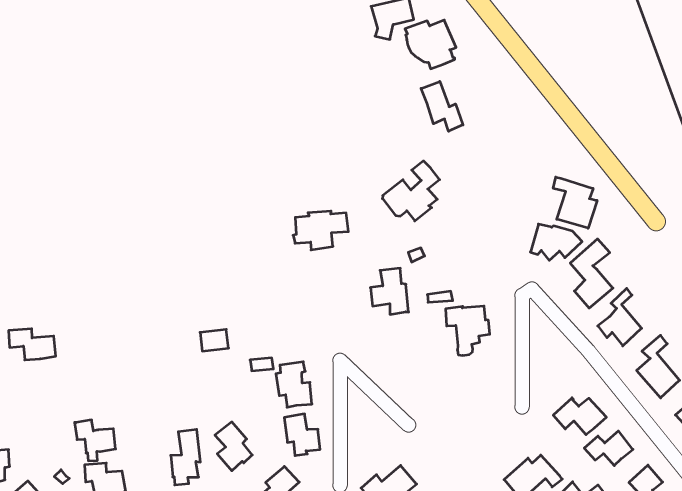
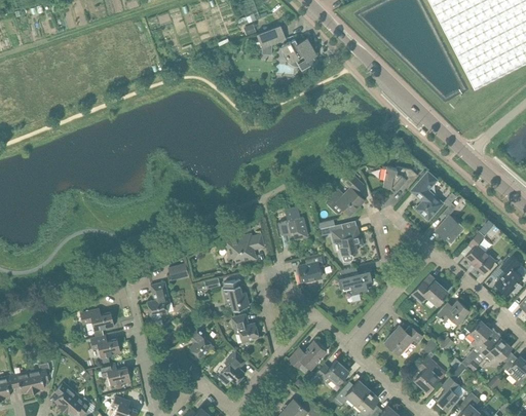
building: [421,81,463,131] -> none
building: [382,161,440,221] -> [326,174,363,215]
building: [553,177,597,228] -> none
building: [293,211,348,250] -> [227,234,264,262]
building: [9,329,56,360] -> [80,309,114,331]
building: none -> [297,254,324,282]
building: none -> [339,266,372,293]
building: [171,429,200,485] -> [147,281,167,320]

